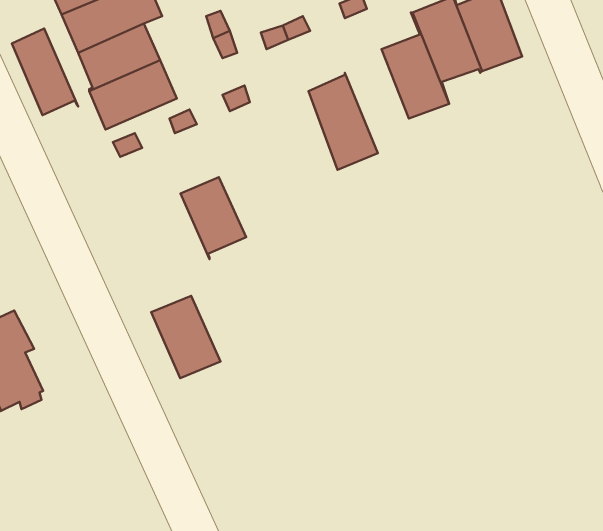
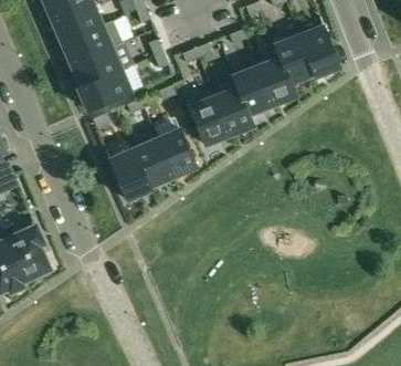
building: [12,29,78,115] -> none
building: none -> [233,63,272,126]
building: none -> [186,88,229,145]
building: none -> [157,129,197,177]
building: [151,296,221,378] -> [109,150,151,200]

